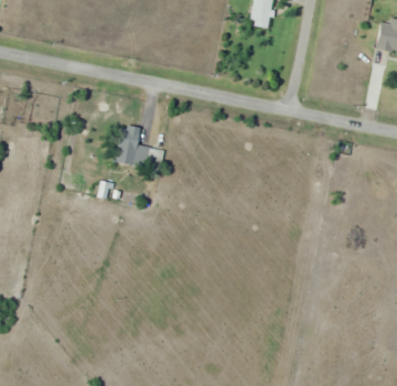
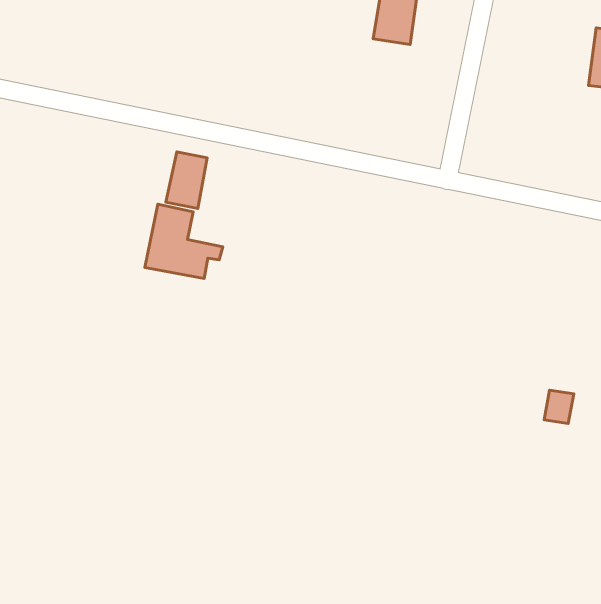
building: none -> [166,152,207,209]

